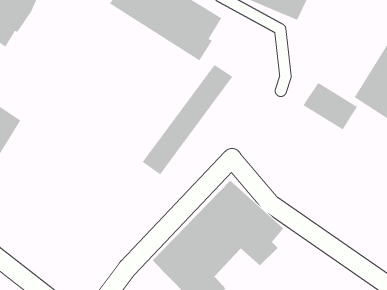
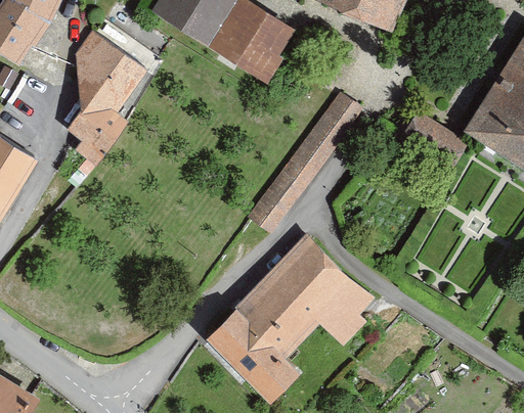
building: none -> [66,31,148,167]
building: [142,64,233,175] -> [248,92,364,234]

